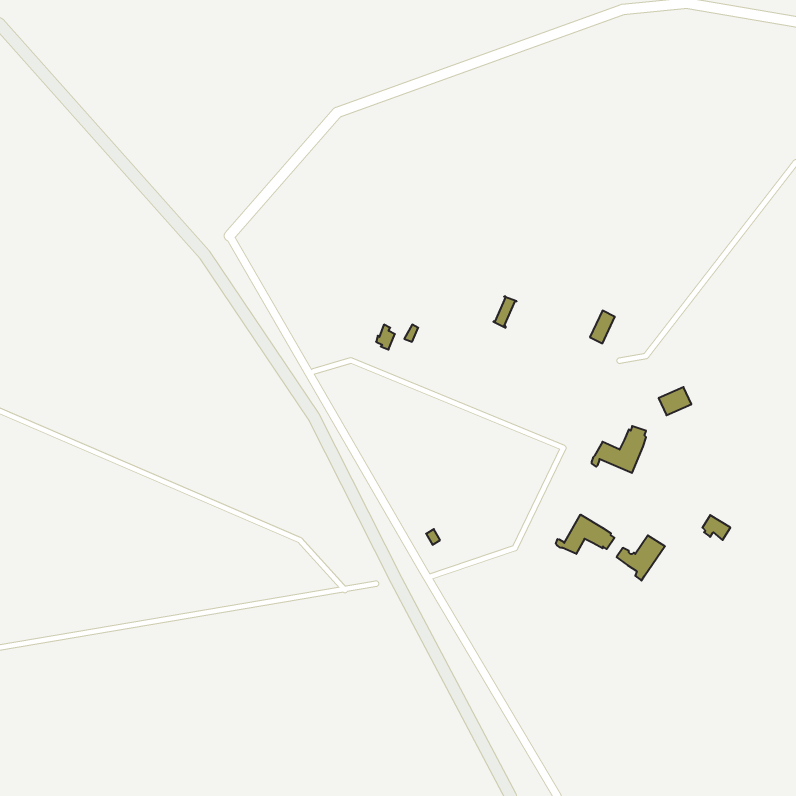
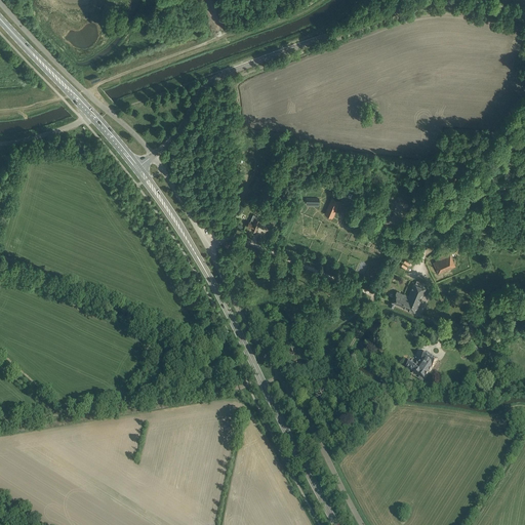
building: [556,515,614,554] -> none

